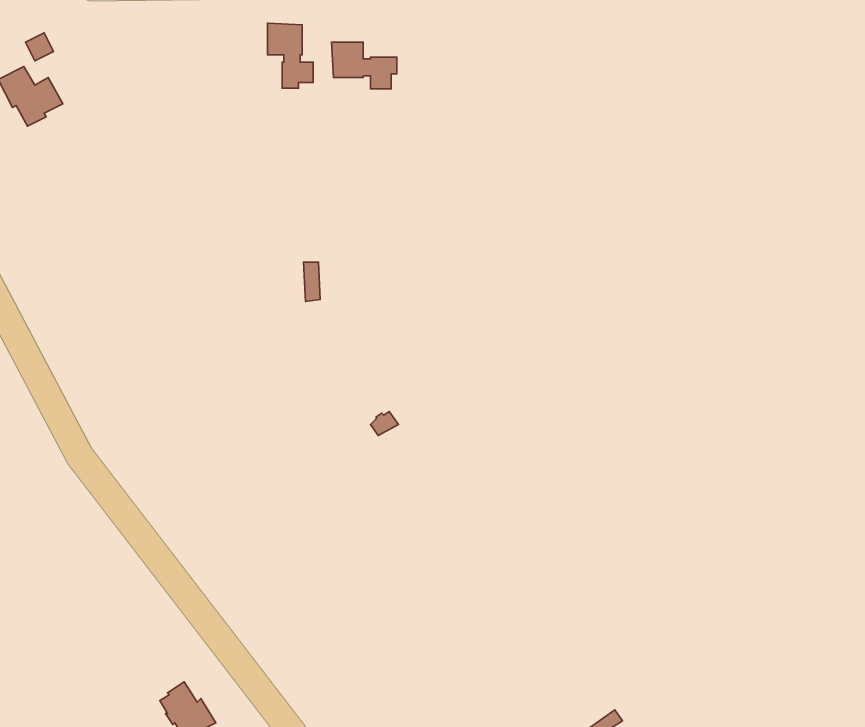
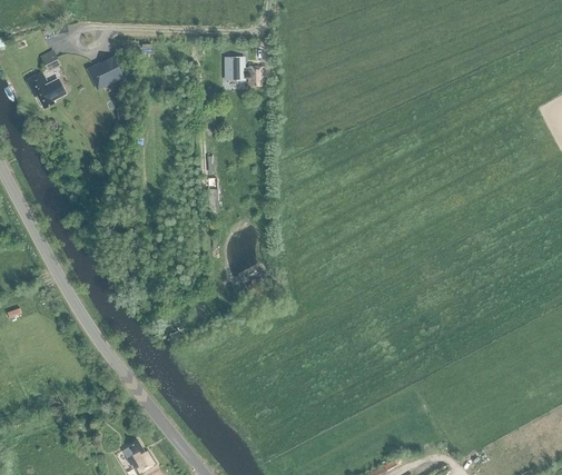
building: [267,23,313,88] -> none
building: none -> [91,57,122,87]

